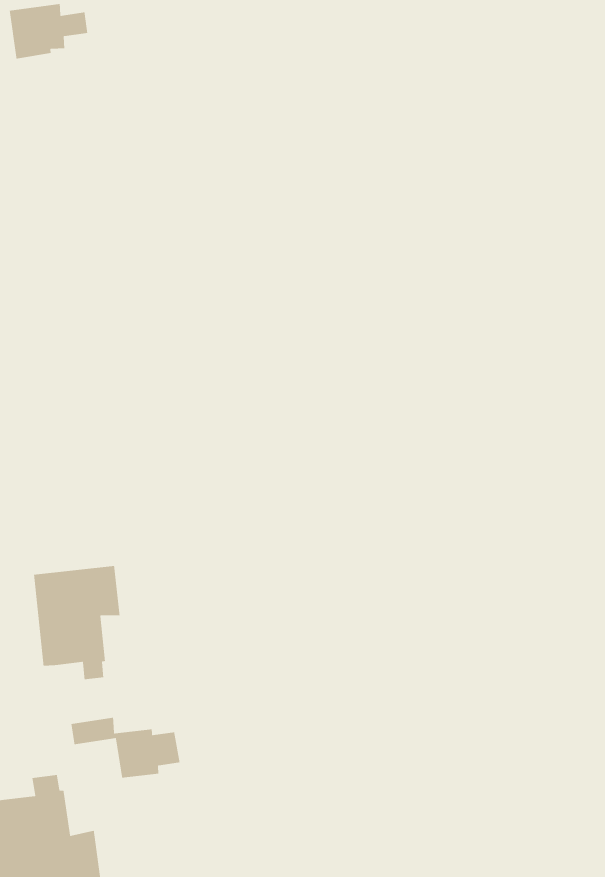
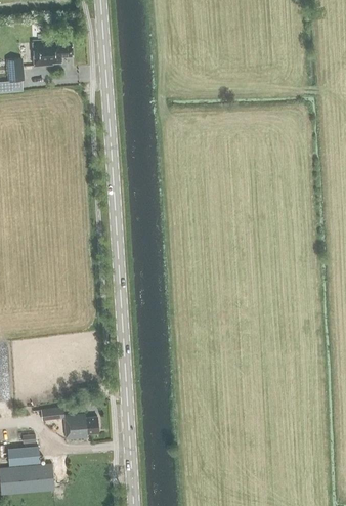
building: [33,565,121,680] -> none

